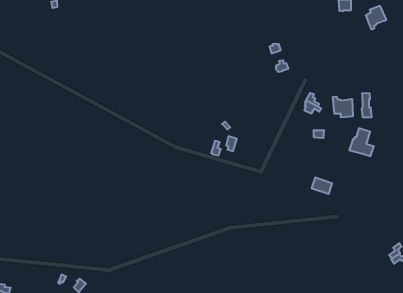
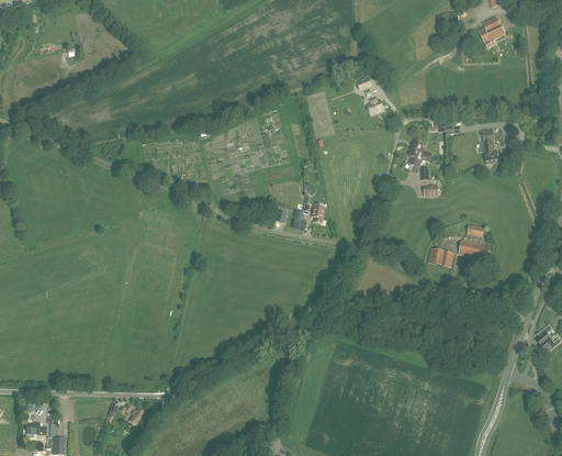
building: [333,97,353,117] -> none
building: [349,128,374,156] -> [459,224,491,259]

